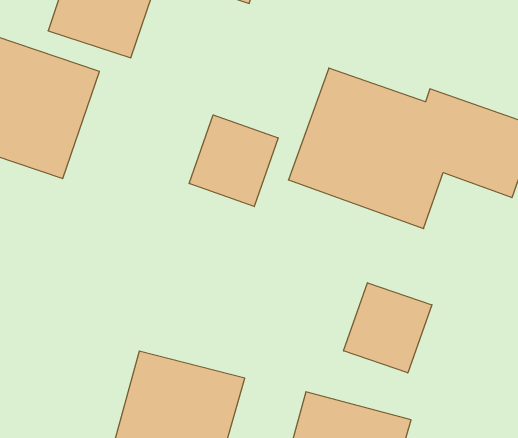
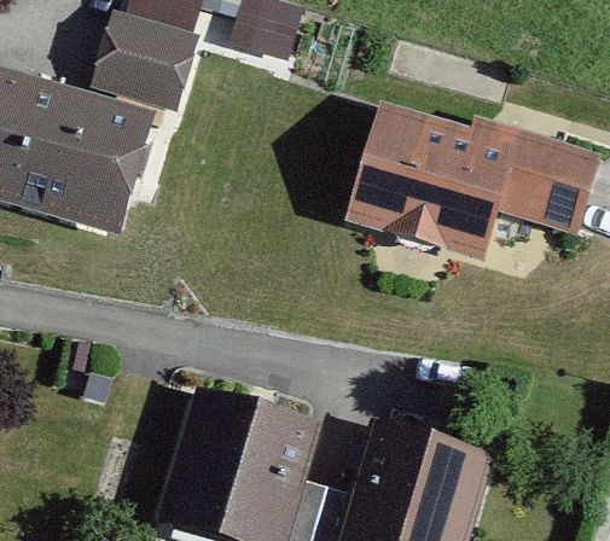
building: [189,115,278,207] -> none
building: [344,283,432,373] -> none

